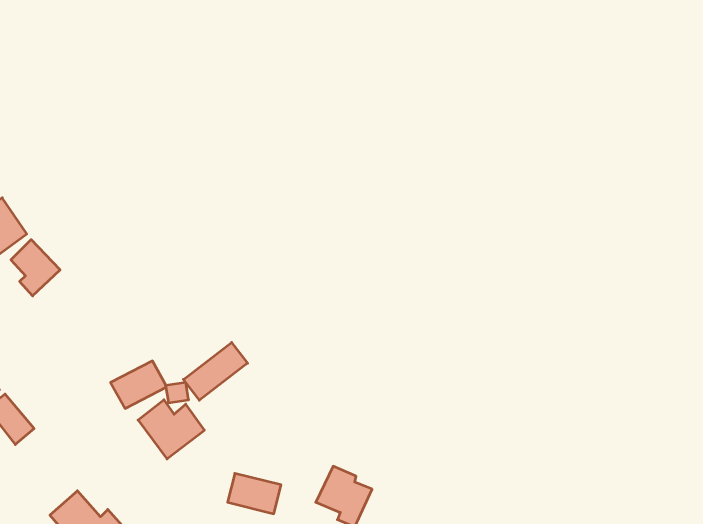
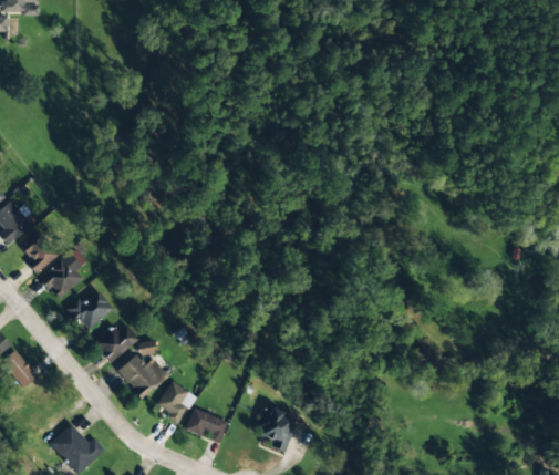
building: none -> [39,248,84,299]
building: none -> [64,290,112,328]
building: [183,342,248,400] -> none
building: none -> [155,381,195,422]

